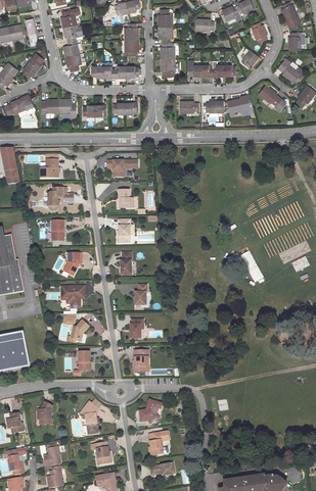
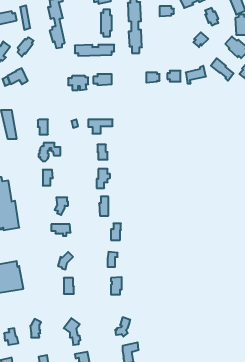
building: [185,62,234,79] -> none
building: [43,99,79,118] -> none

